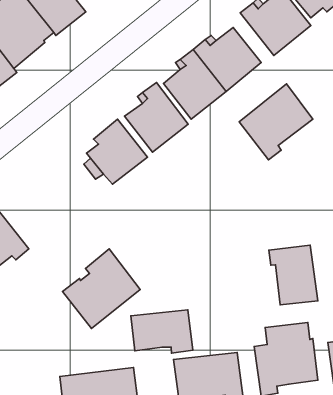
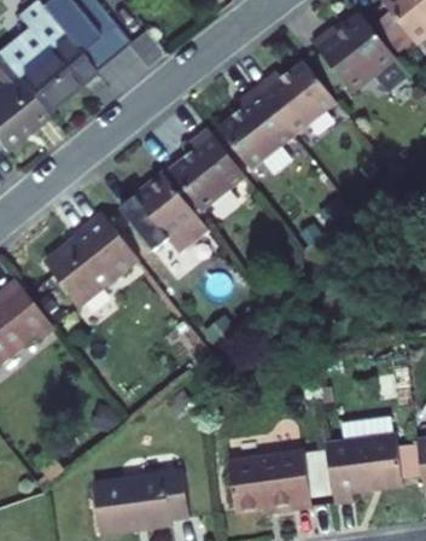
building: [239,84,313,160] -> none
building: [269,245,318,305] -> none
building: [62,249,140,328] -> [45,208,139,304]
building: [131,310,193,353] -> none

